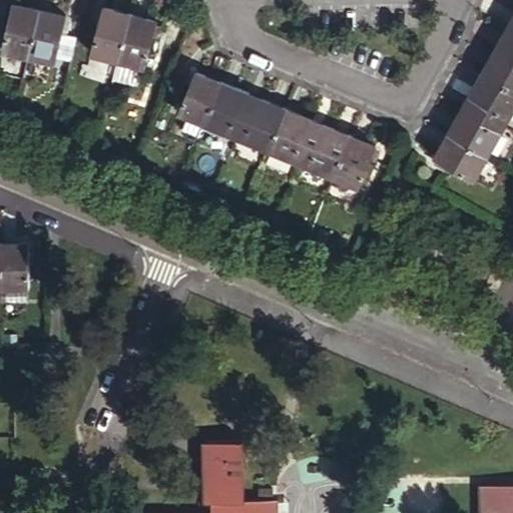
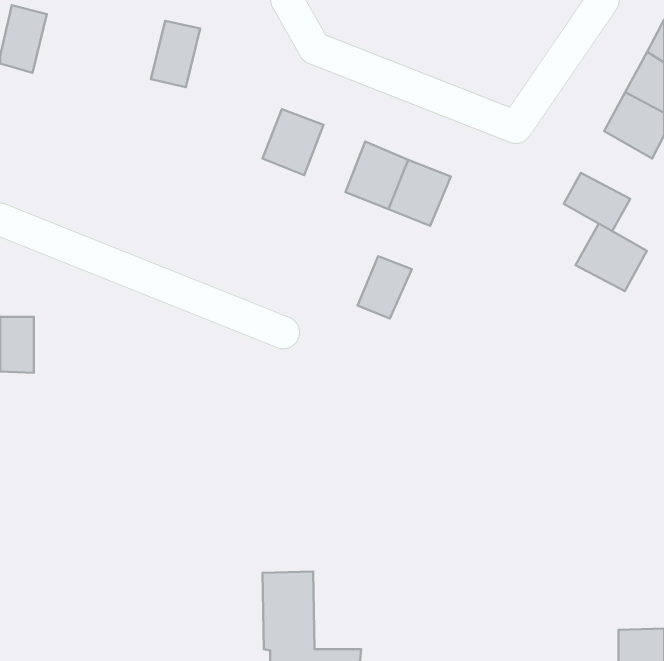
building: [89,11,127,63] -> none
building: [25,13,63,65] -> none
building: [176,75,217,124] -> none
building: [234,98,282,150] -> none
building: [448,103,503,155] -> [575,224,647,291]
building: [332,138,374,186] -> [357,256,412,318]

